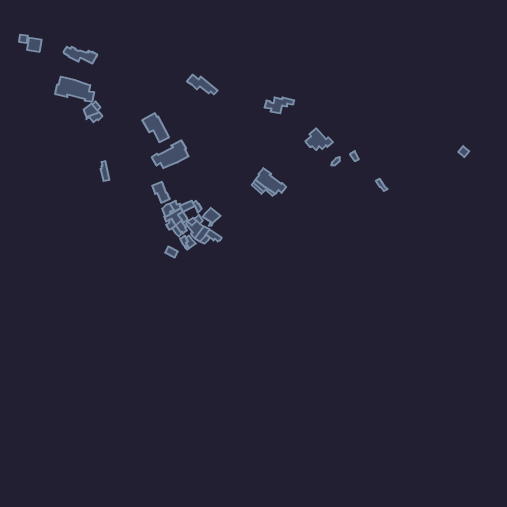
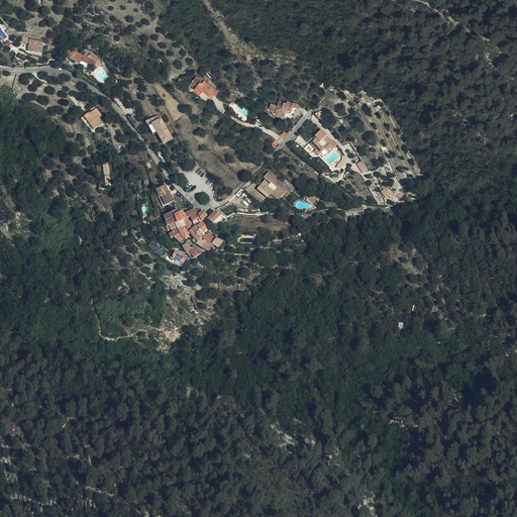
building: [55,77,94,102] -> none
building: [152,140,189,168] -> none

